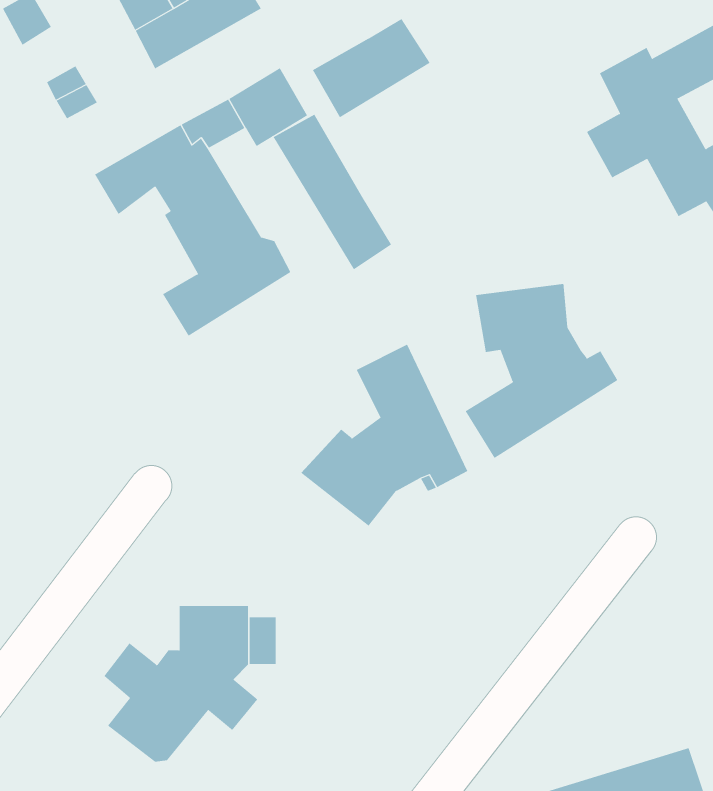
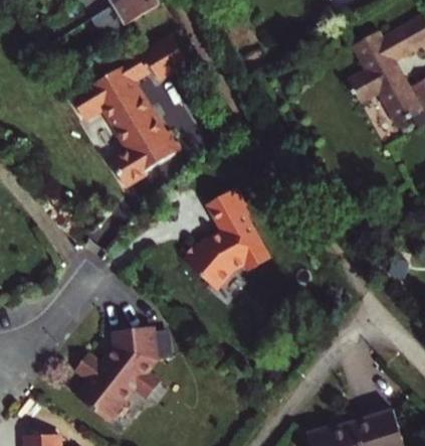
building: [312,18,430,118] -> none
building: [273,114,392,270] -> none
building: [465,283,618,459] -> none

